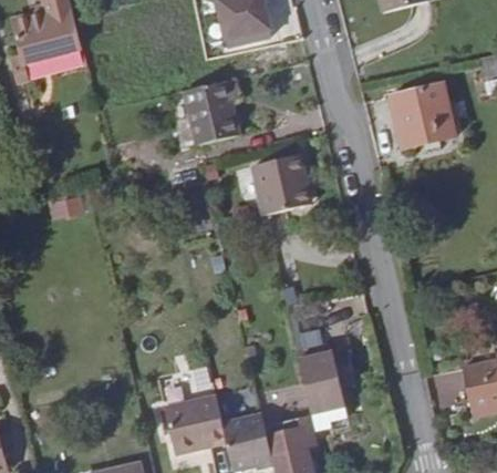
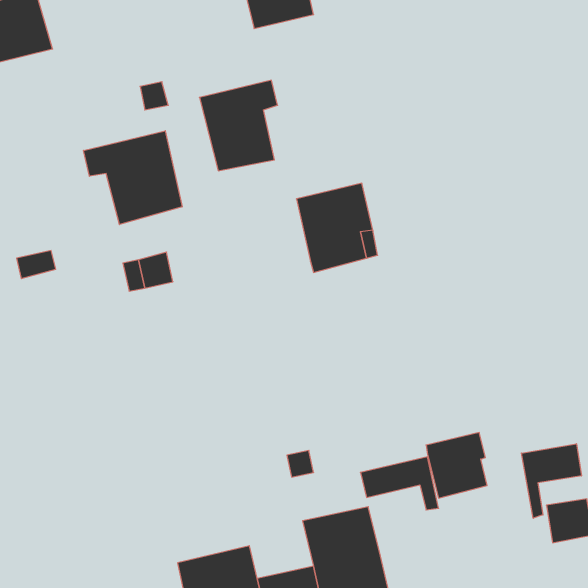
building: [389,80,453,150] -> none
building: none -> [84,131,182,225]
building: none -> [521,444,581,518]
building: [303,364,346,411] -> [426,433,487,498]

